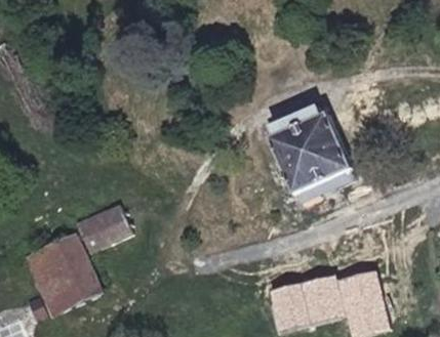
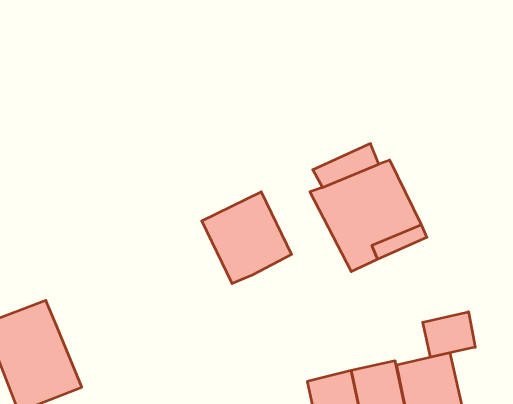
building: none -> [202,192,292,284]
building: [77,201,134,253] -> none
building: none -> [423,312,475,357]

